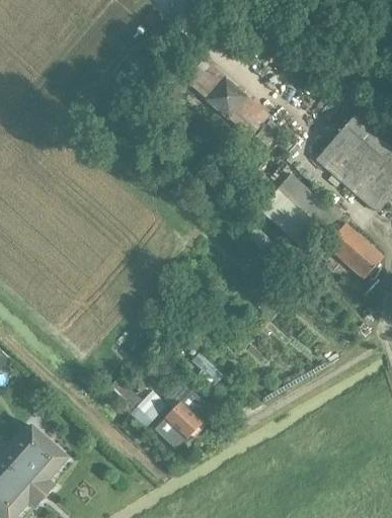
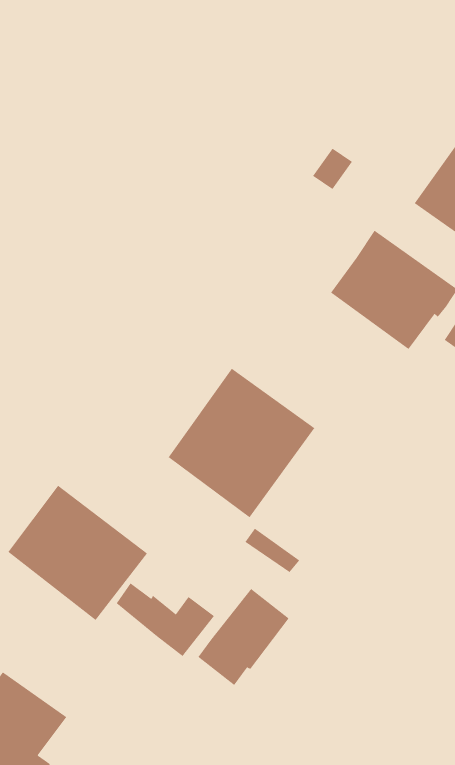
building: [183,57,269,138] -> none
building: none -> [168,368,315,518]
building: none -> [7,485,148,621]

